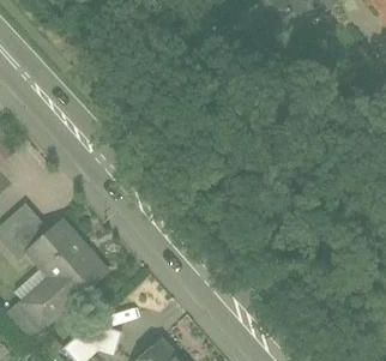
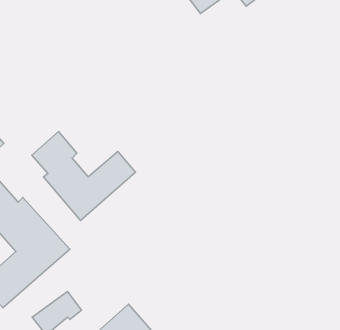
building: none -> [32,131,136,220]

